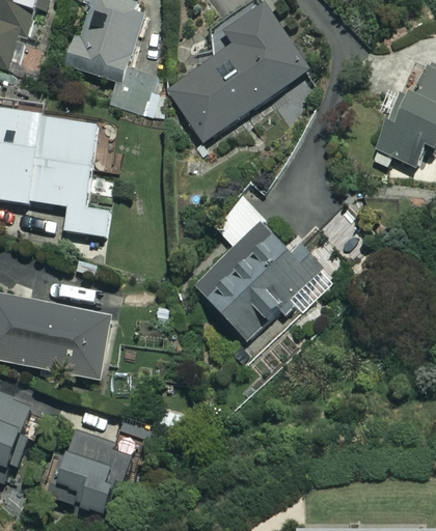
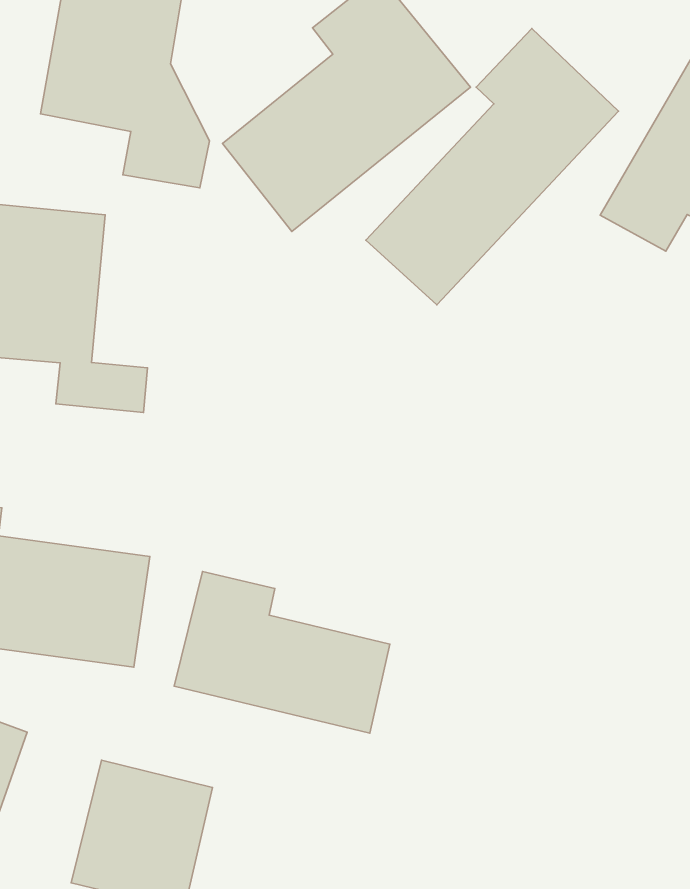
building: none -> [366,29,618,305]
building: [193,197,321,338] -> none
building: none -> [174,572,390,733]

